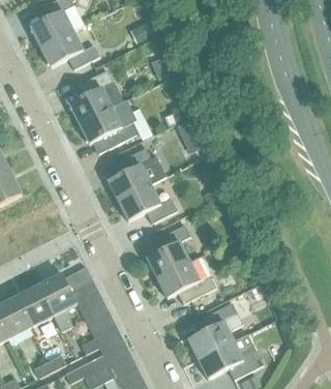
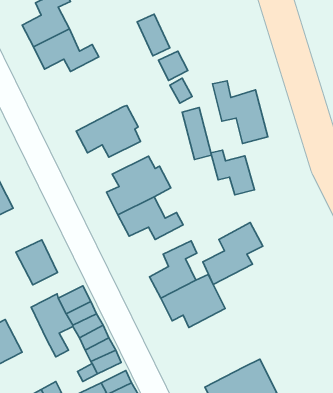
building: [68,69,122,124] -> none
building: none -> [213,81,268,144]
building: none -> [211,150,254,195]
building: [13,286,52,327] -> [16,240,58,285]
building: [187,302,242,359] -> [203,222,263,285]

